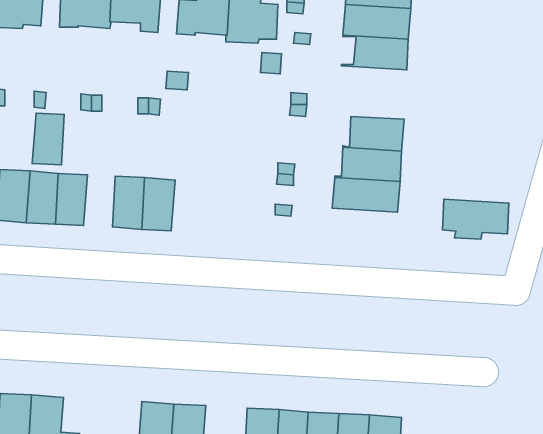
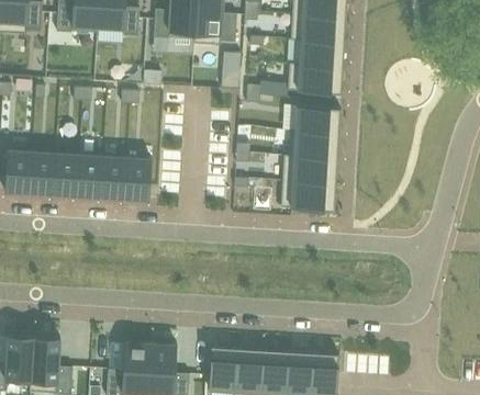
building: none -> [286,65,342,94]
building: [32,113,64,165] -> [75,155,101,198]
building: [442,199,509,239] -> [279,182,334,215]

